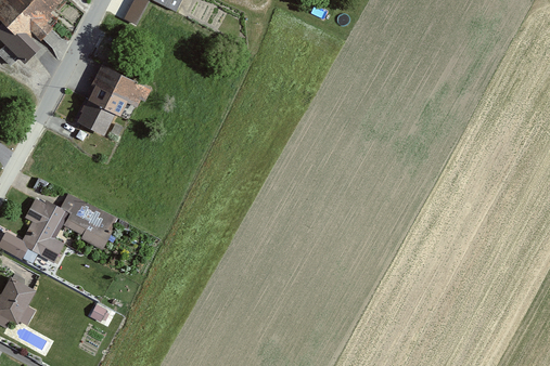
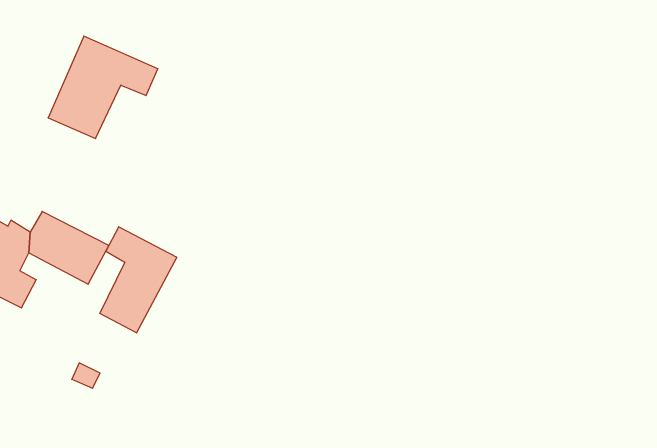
building: none -> [100,227,177,333]

